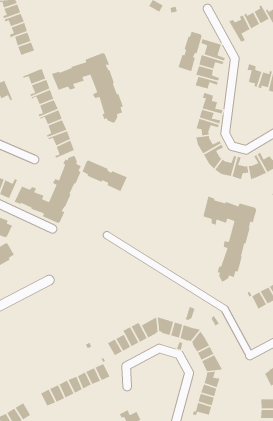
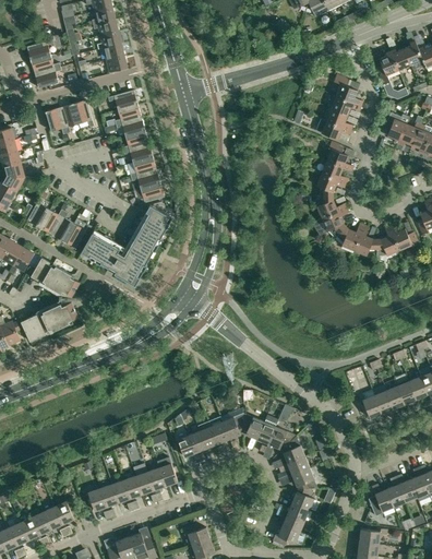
building: [178,31,202,72] -> none
building: [51,52,124,124] -> none
building: [81,160,128,192] -> none
building: [202,196,257,282] -> none

